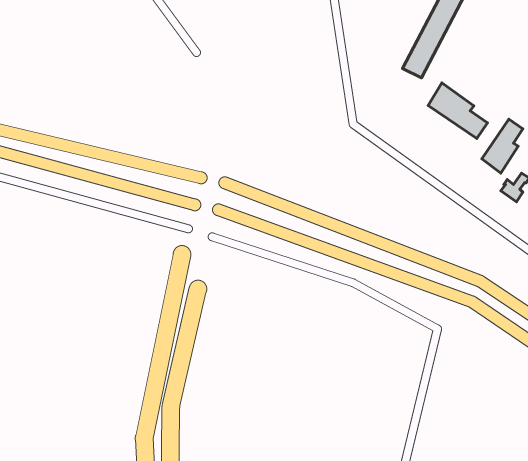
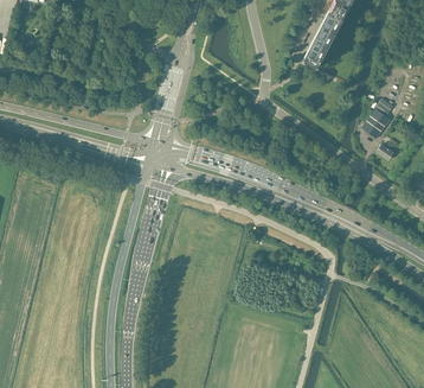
building: [428,83,487,138] -> none

